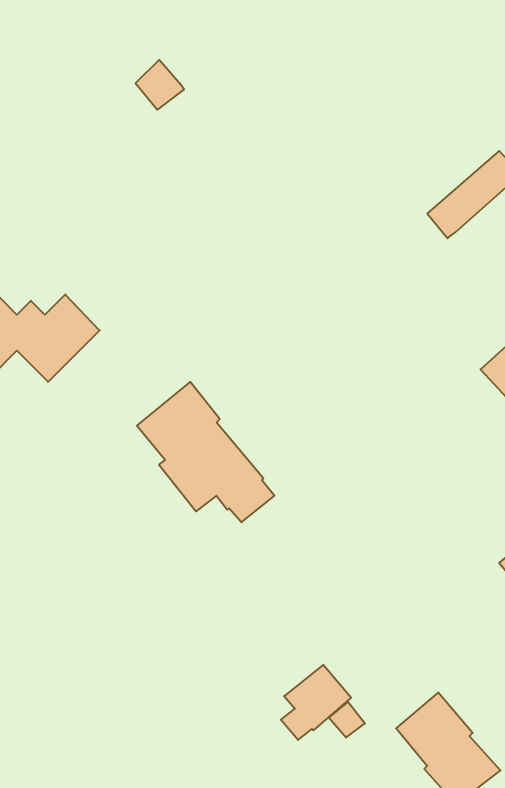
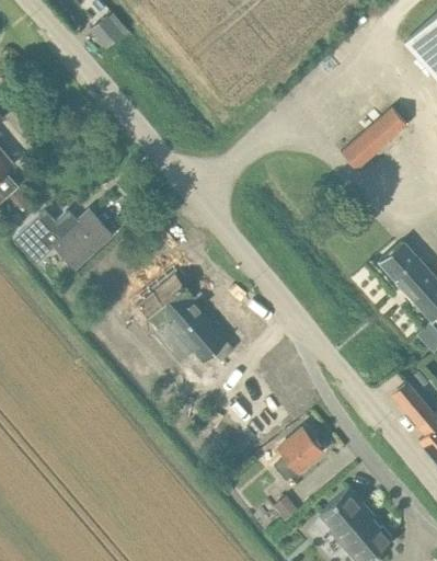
building: [136,60,184,110] -> [94,16,128,51]
building: [281,665,351,740] -> [275,427,324,480]

